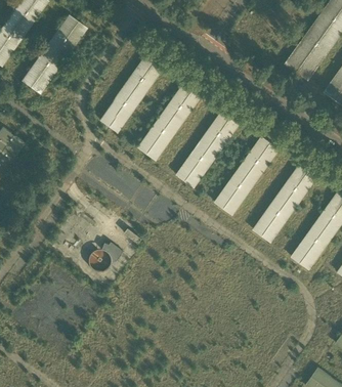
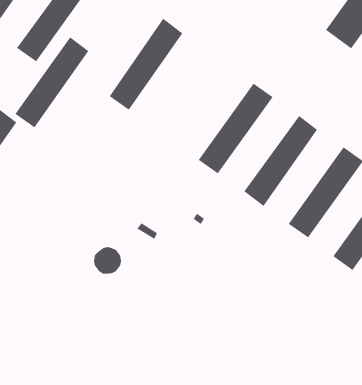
building: [138,82,202,160] -> [14,37,89,128]

